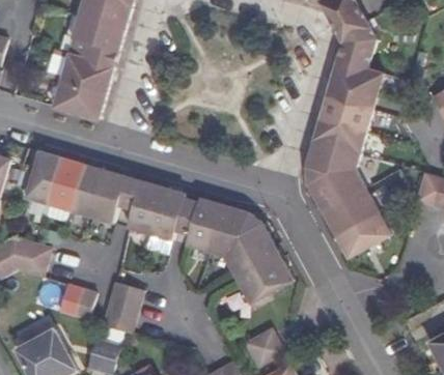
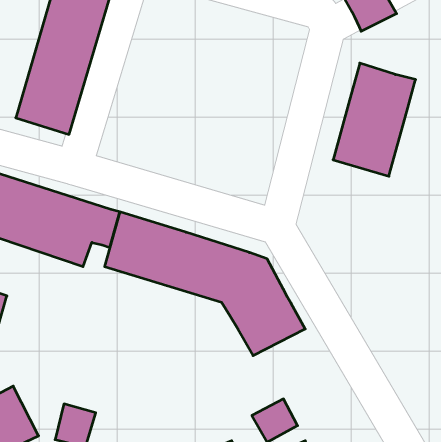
building: [335,20,373,69] -> none
building: [303,139,383,252] -> none
building: [102,279,141,330] -> none
building: [57,282,93,319] -> none

